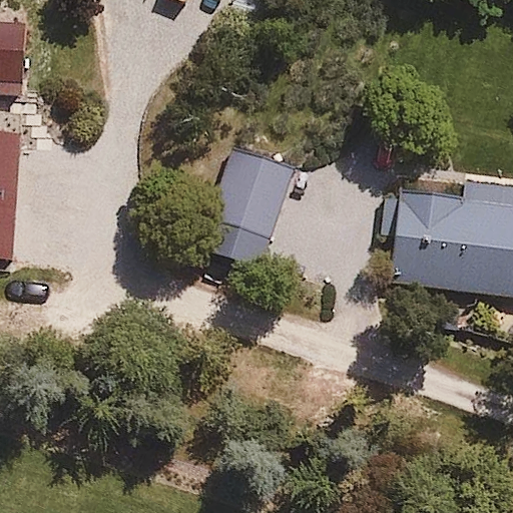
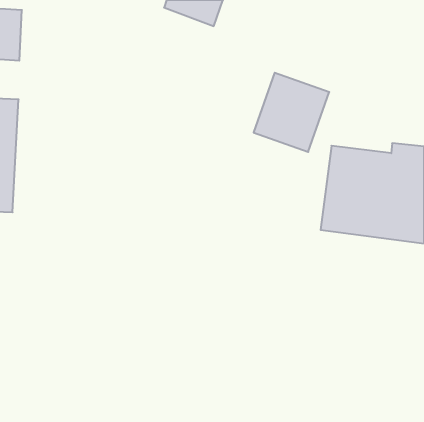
building: [206,148,297,242] -> [254,73,329,152]

